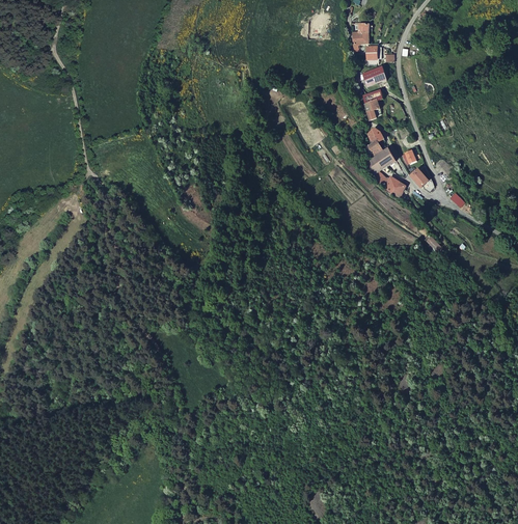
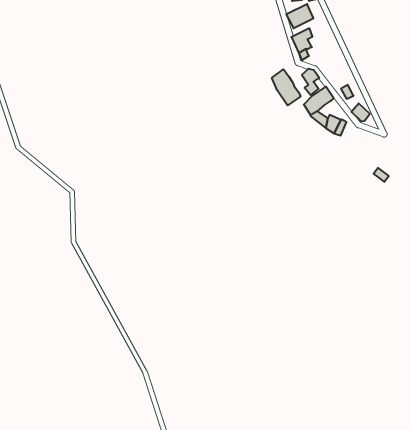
building: none -> [272,69,301,105]

